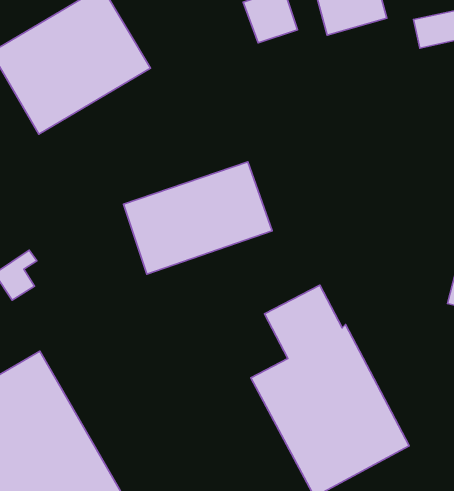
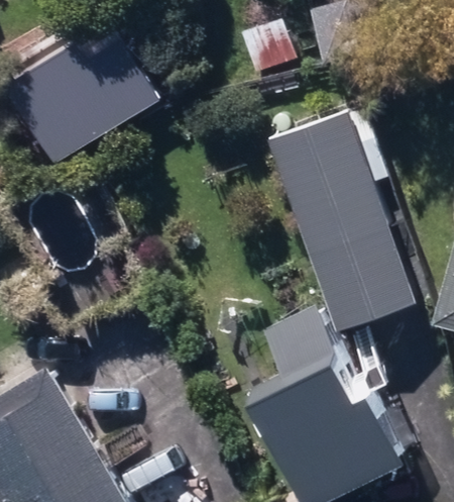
building: none -> [270,116,412,325]
building: [123,162,272,274] -> none

